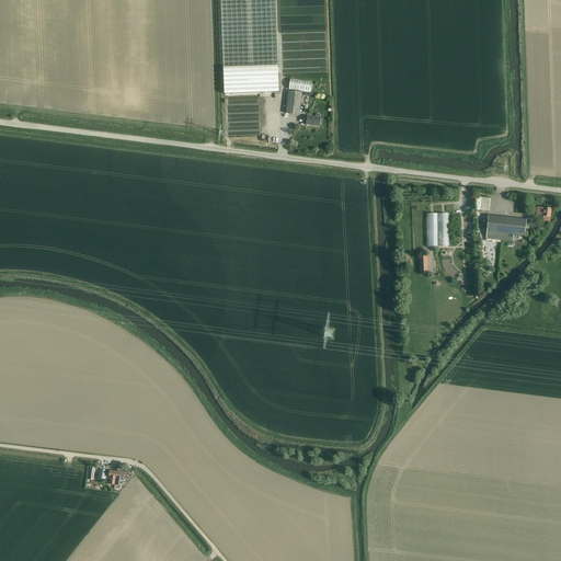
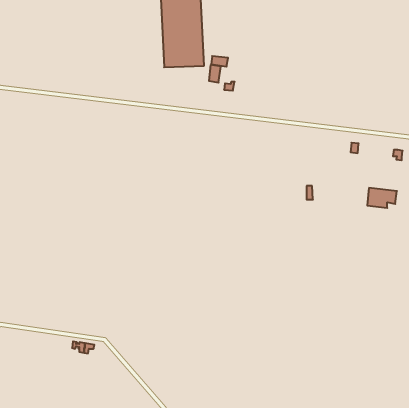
building: [426,211,449,244] -> none
building: [486,213,527,240] -> [367,188,397,208]

